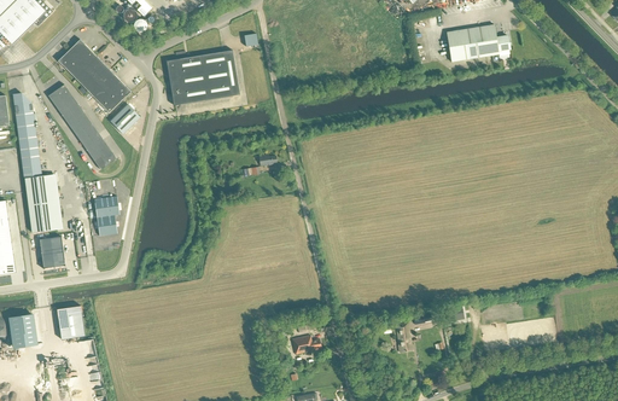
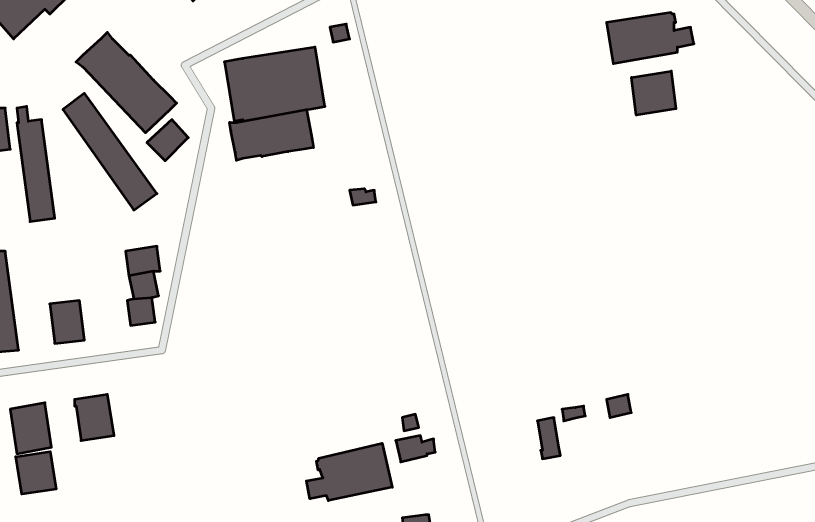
building: none -> [632,71,676,115]
building: none -> [230,110,313,160]
building: [23,174,56,232] -> none
building: none -> [306,443,392,501]
building: none -> [16,452,56,494]

